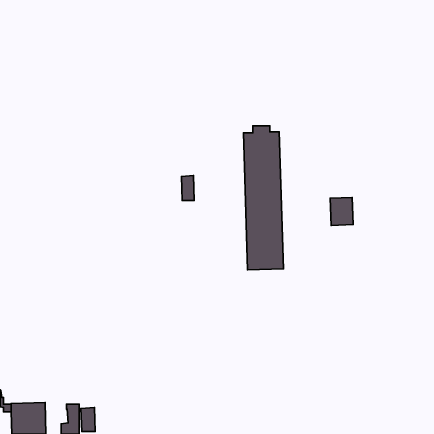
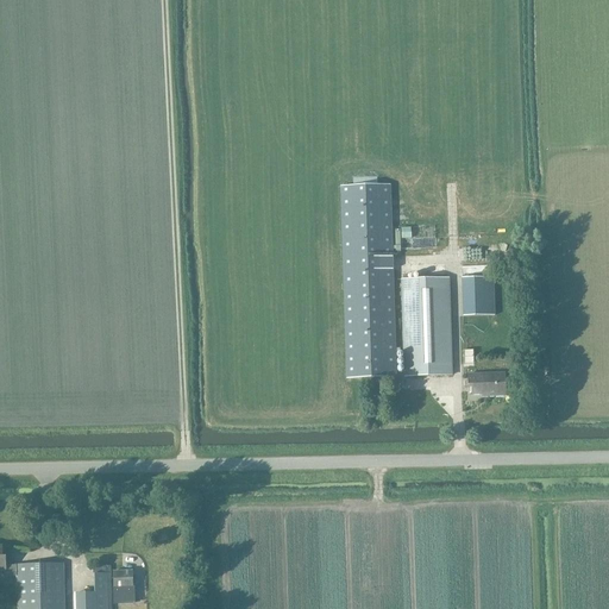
building: [181,176,194,201] -> none
building: none -> [402,277,452,376]
building: none -> [465,372,506,395]

